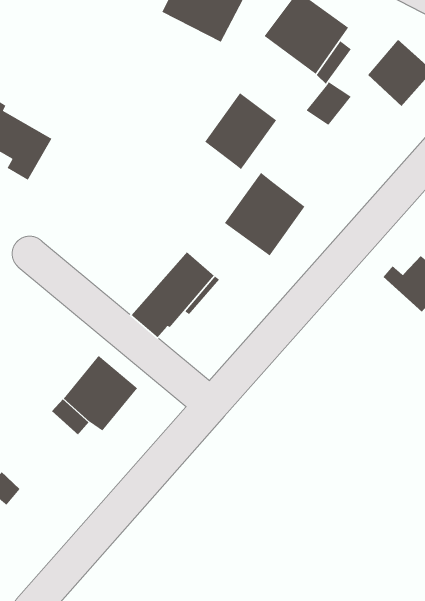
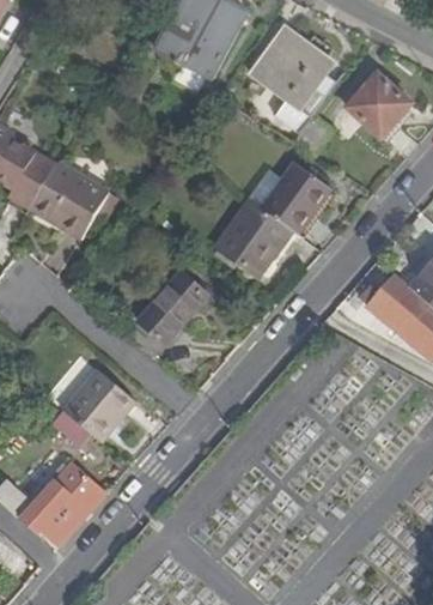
building: [204,92,277,170] -> [261,161,329,234]
building: none -> [31,163,108,236]
building: none -> [24,461,106,546]

